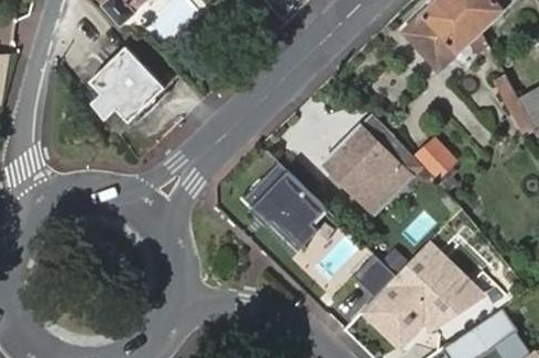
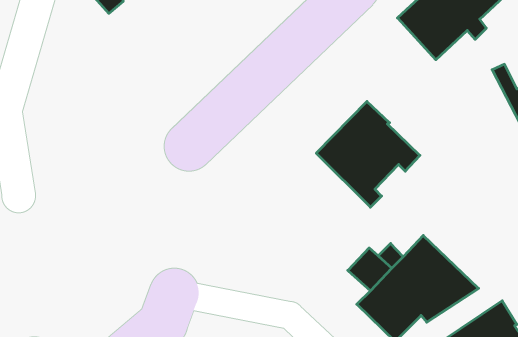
building: [91,47,164,132] -> none
building: [413,133,458,179] -> none
building: [244,164,327,251] -> none

